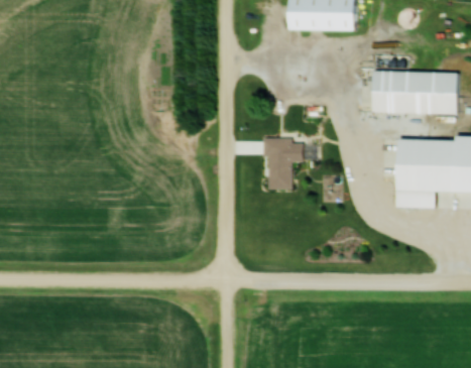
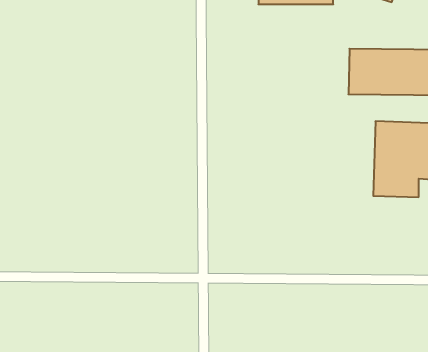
building: [265,141,306,190] -> none

